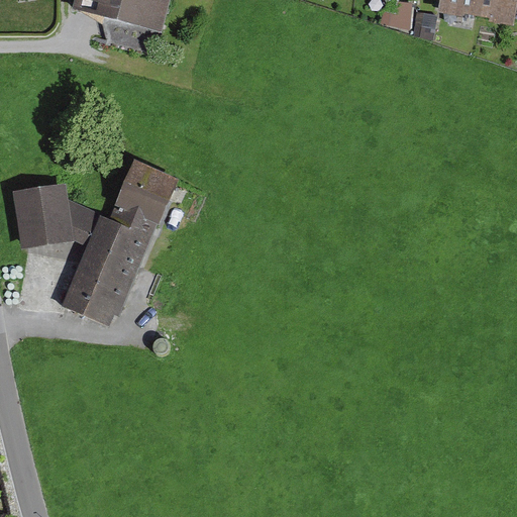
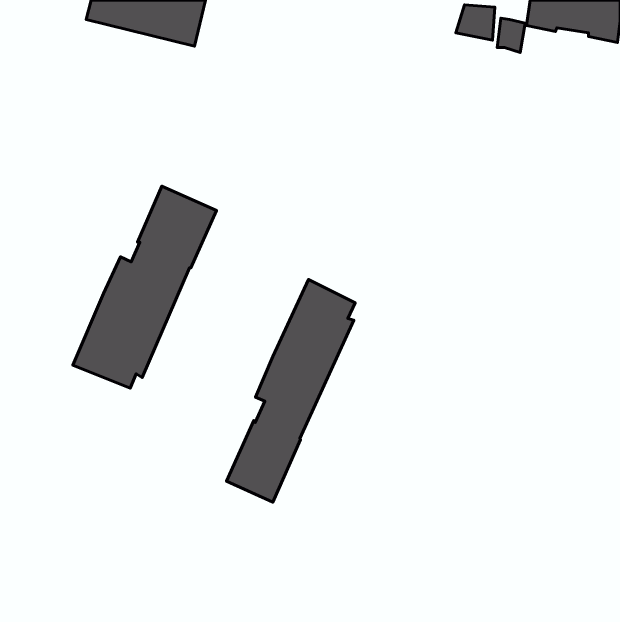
building: [12,180,100,246] -> none
building: none -> [226,279,355,502]

